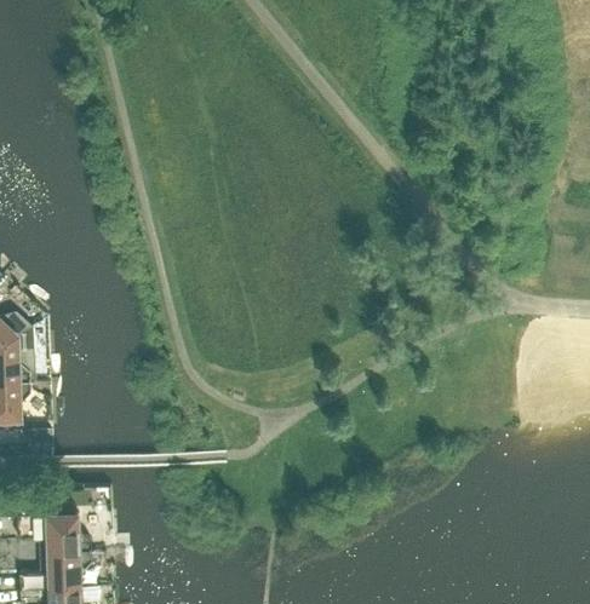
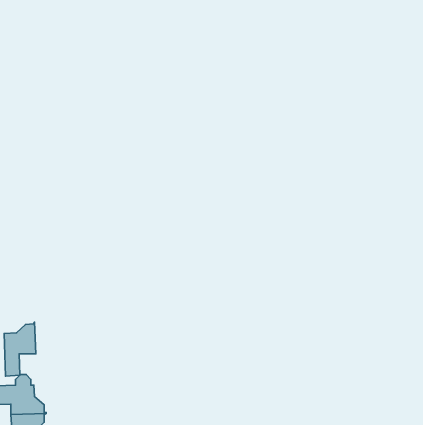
building: none -> [4,322,36,376]

